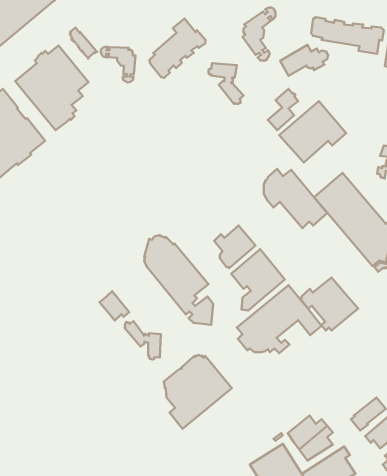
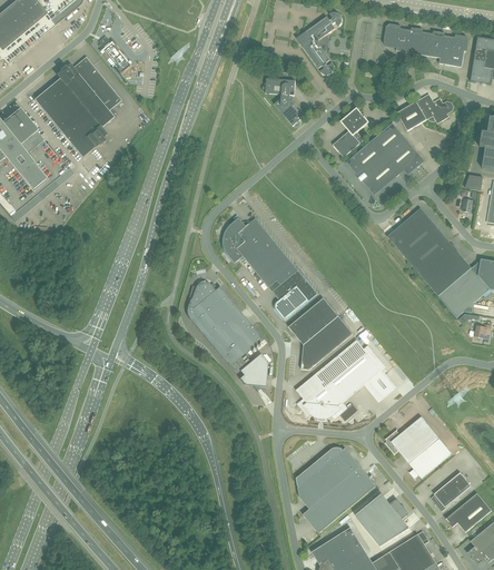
building: [149,19,205,78] -> none
building: [280,45,328,76] -> [396,92,453,129]
building: [101,47,136,83] -> none
building: [264,169,327,228] -> [223,216,297,286]
building: [301,278,358,330] -> [385,415,452,478]
building: [100,291,129,320] -> none
building: [125,321,161,360] -> none
building: [164,355,232,429] -> [295,445,375,532]

